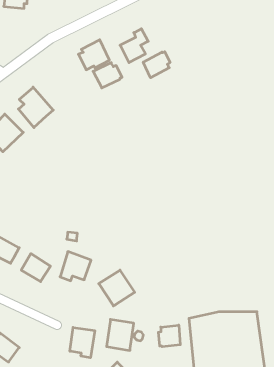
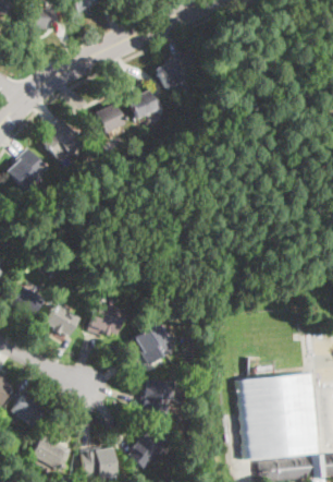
building: [78,40,109,70] -> [86,103,121,136]
building: [143,52,170,78] -> none
building: [158,325,180,347] -> none
building: [70,327,95,358] -> none

